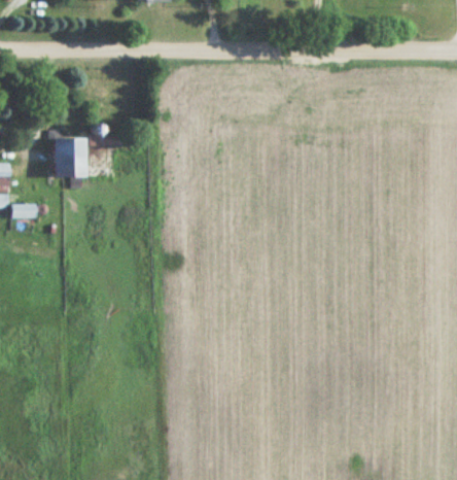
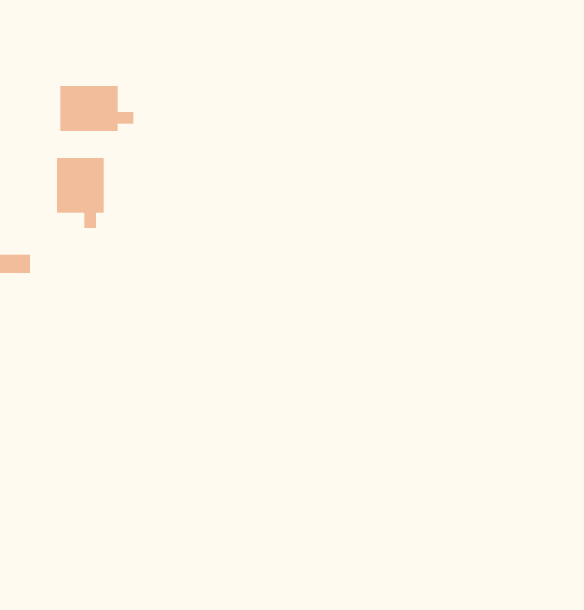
building: none -> [60,85,134,132]

